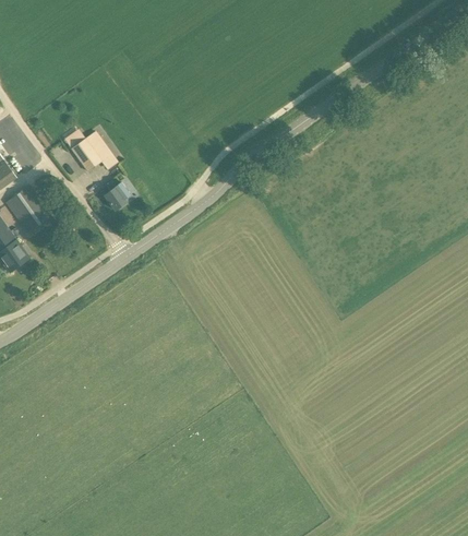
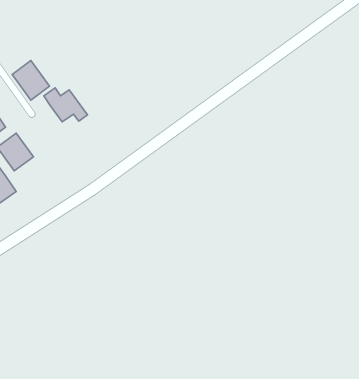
building: none -> [12,61,50,100]
building: [103,180,131,210] -> none

